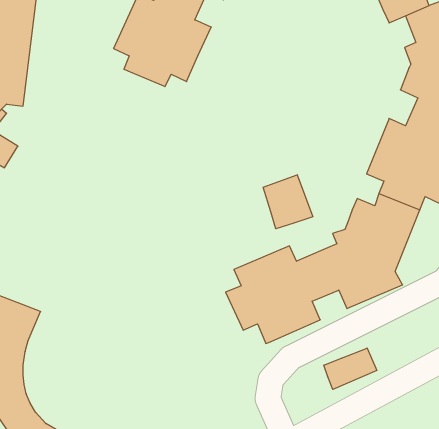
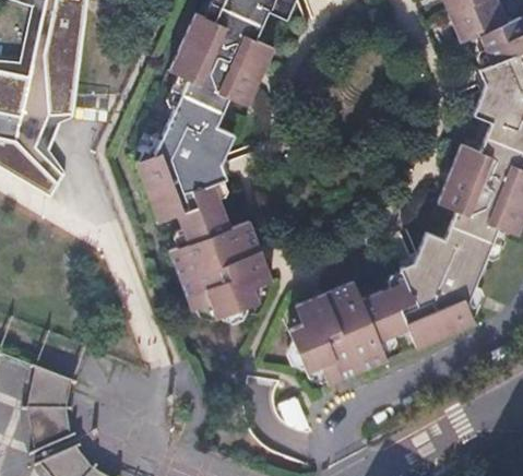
building: none -> [135,93,270,318]
building: [263,175,313,229] -> none
building: [324,348,377,389] -> none

